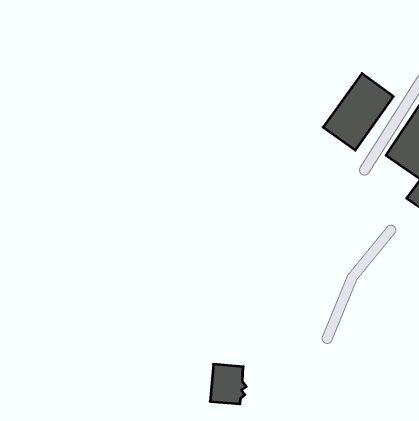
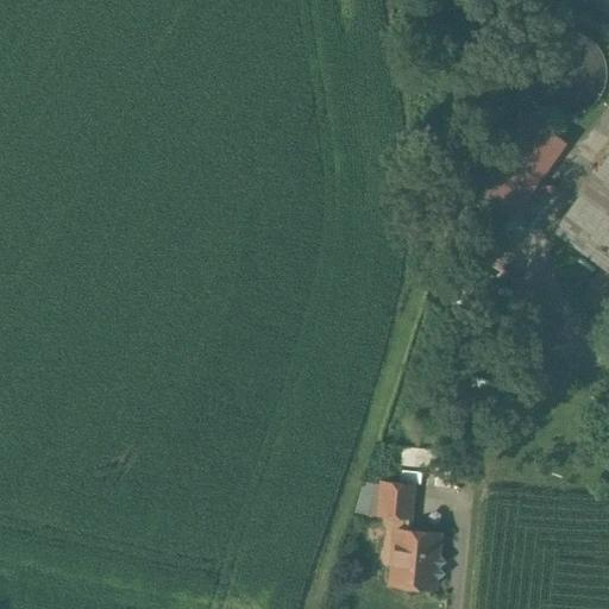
building: none -> [384,483,417,517]
building: [210,364,246,404] -> [396,530,448,588]

